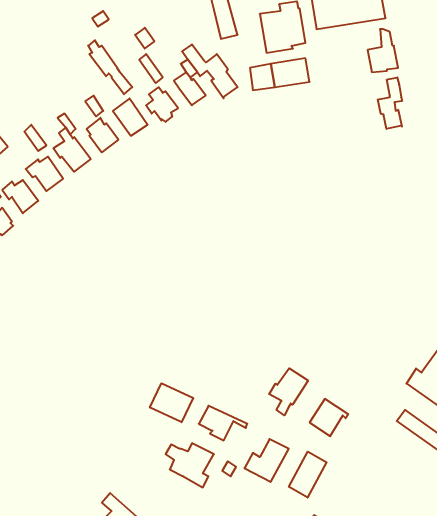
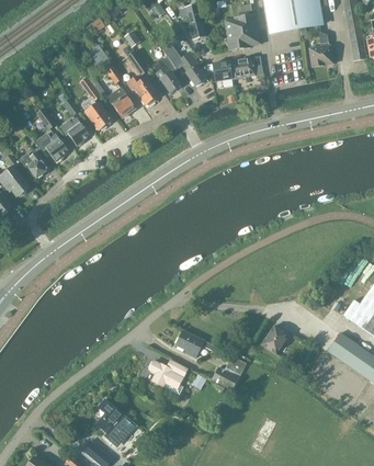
building: [378,77,402,129] -> none
building: [269,368,308,415] -> none
building: [150,383,193,422] -> none
building: [289,452,327,498] -> none

